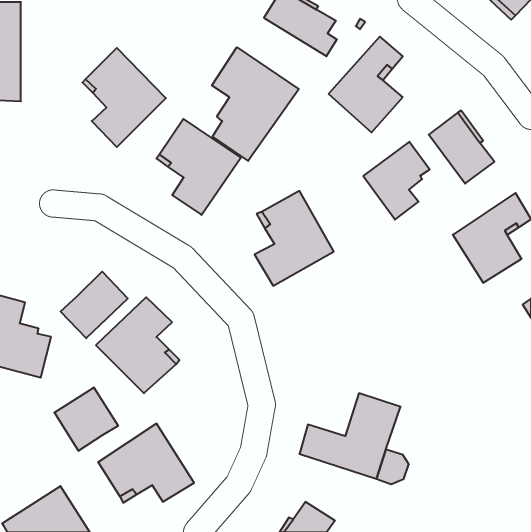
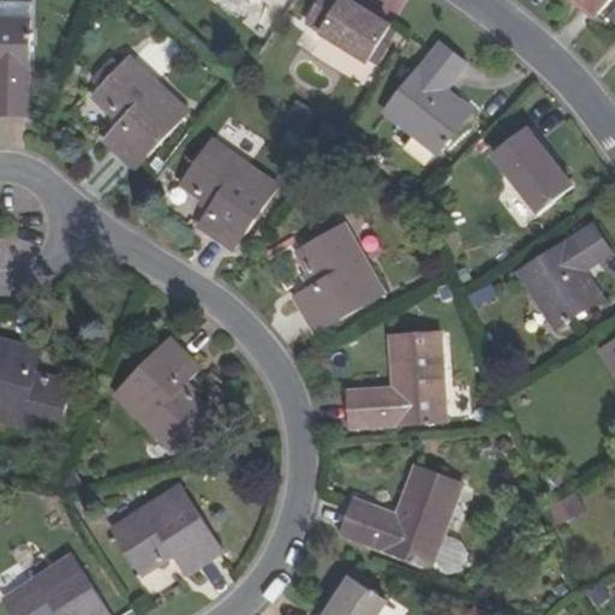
building: [212,47,299,161] -> none
building: [363,142,430,220] -> none
building: [61,272,128,338] -> none
building: none -> [347,340,441,429]
building: [54,387,118,451] -> none

